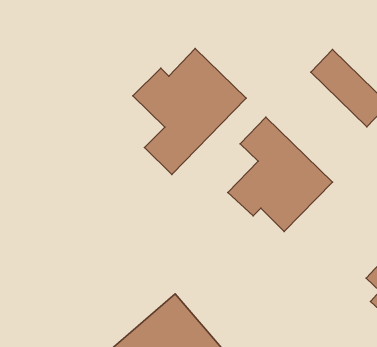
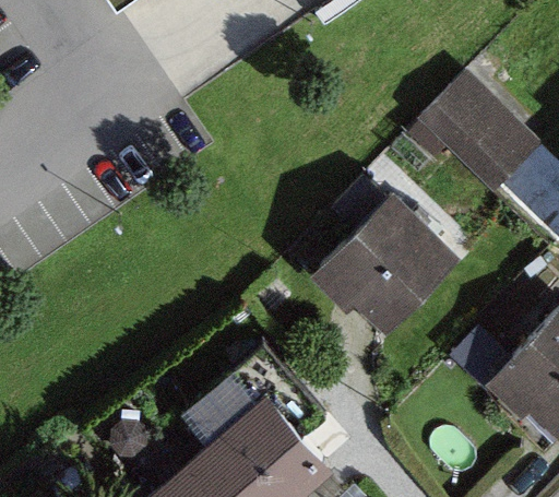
building: [133,49,246,174] -> none

